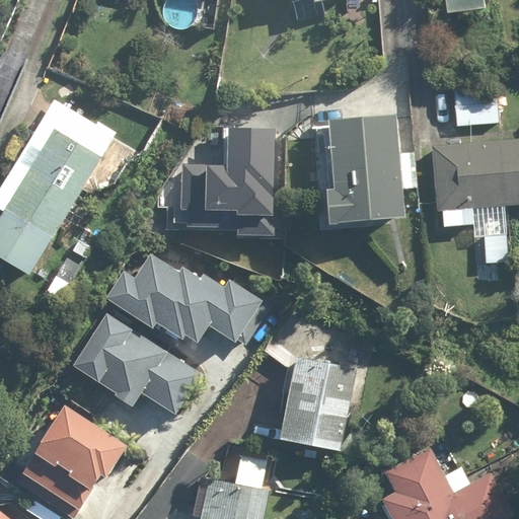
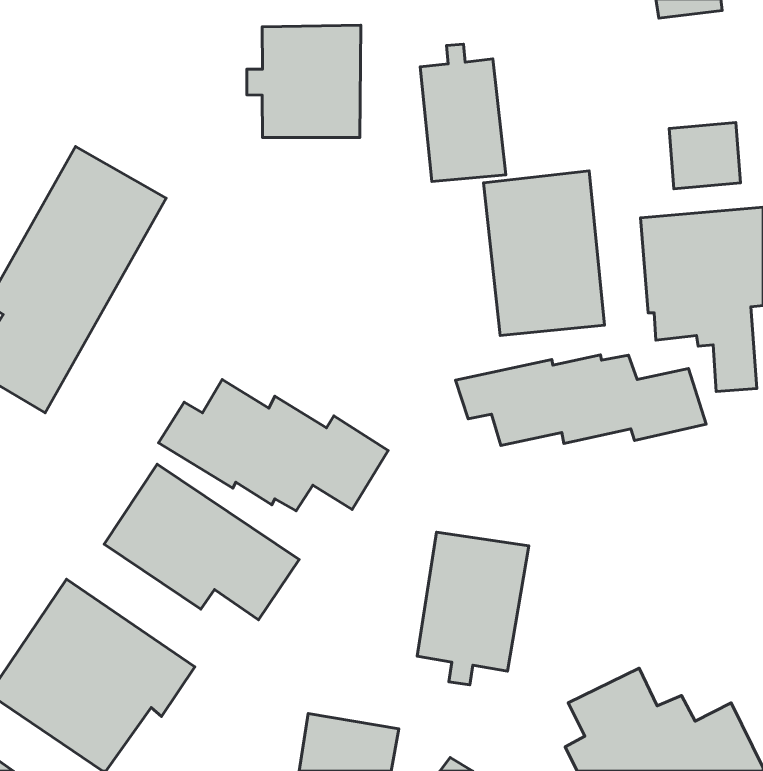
building: none -> [247,25,361,138]
building: none -> [420,44,506,181]
building: [179,125,282,243] -> none
building: none -> [455,355,706,445]

